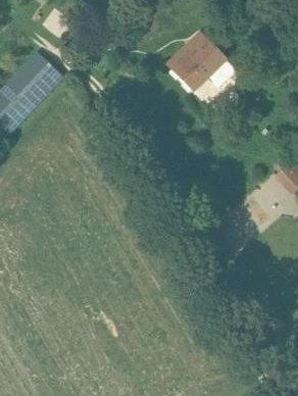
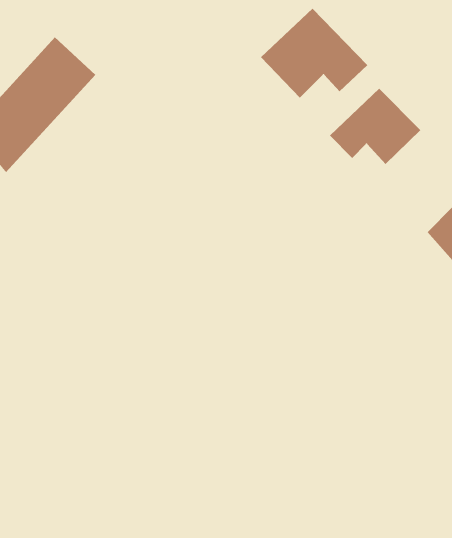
building: none -> [329,88,421,165]

